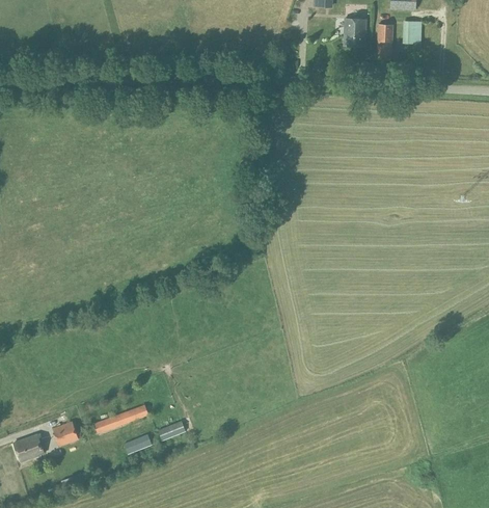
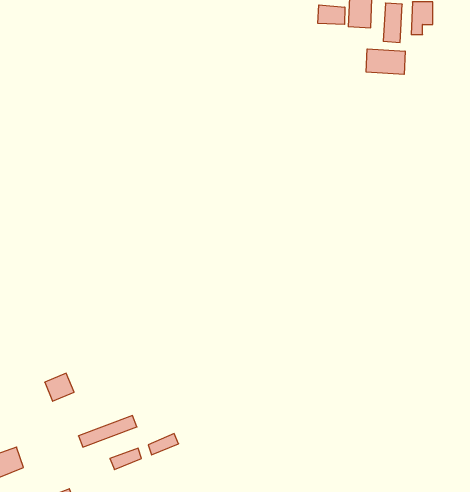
building: none -> [318,5,345,24]
building: none -> [366,49,405,74]
building: [52,420,79,446] -> [45,373,74,401]

